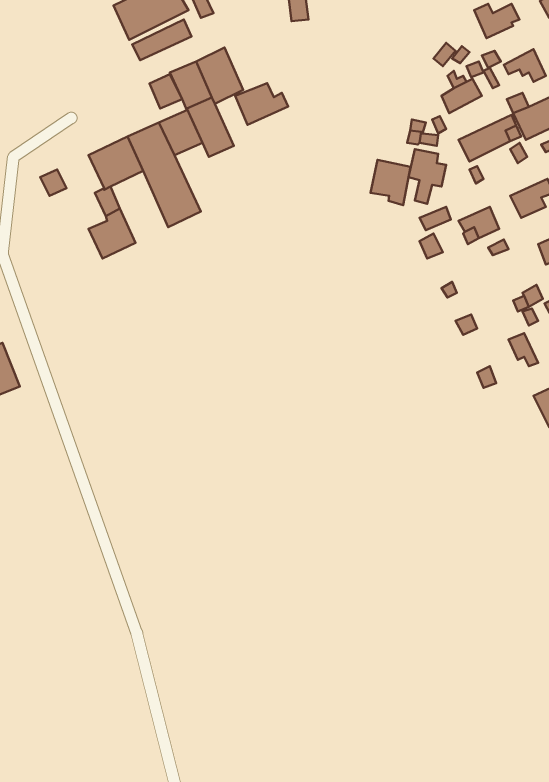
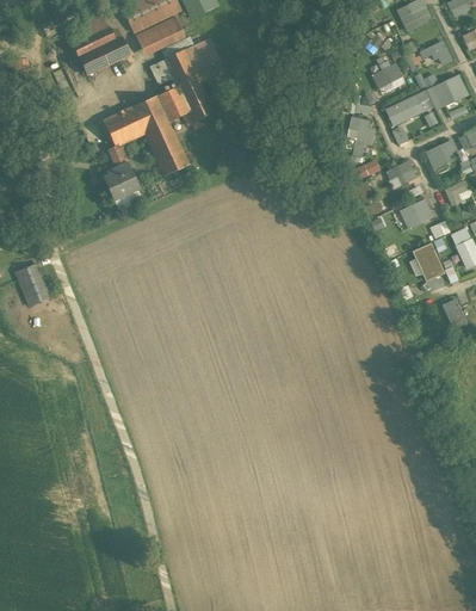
building: none -> [72,26,130,74]
building: [235,83,288,125] -> none
building: [370,160,411,205] -> none
building: none -> [400,198,433,228]

